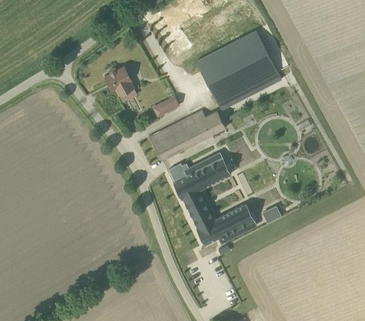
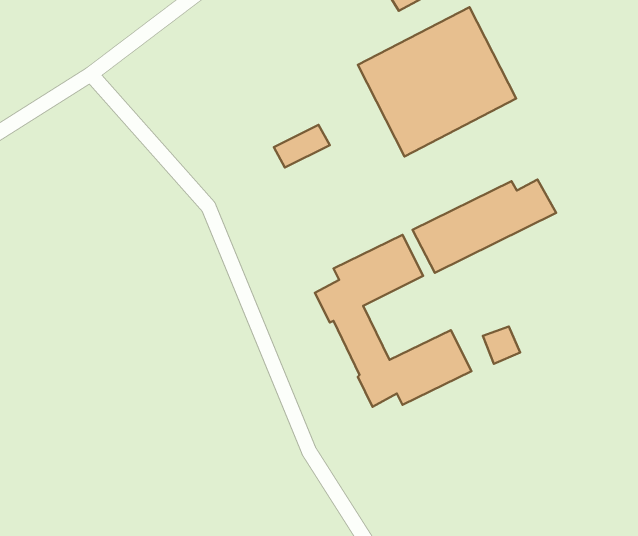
building: [103,66,133,95] -> none
building: [148,110,225,160] -> [412,179,556,273]

